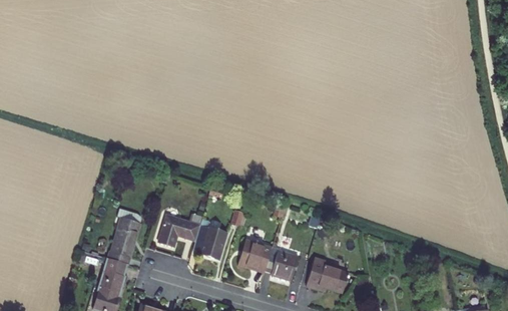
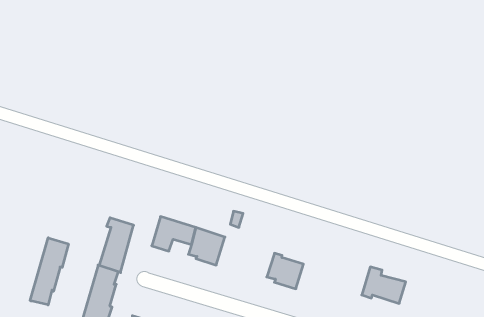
building: none -> [30,238,68,305]
building: [237,239,272,270] -> none
building: [307,258,348,292] -> [362,267,406,303]

